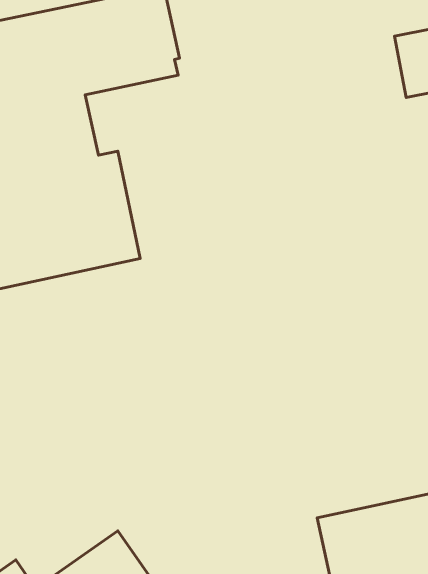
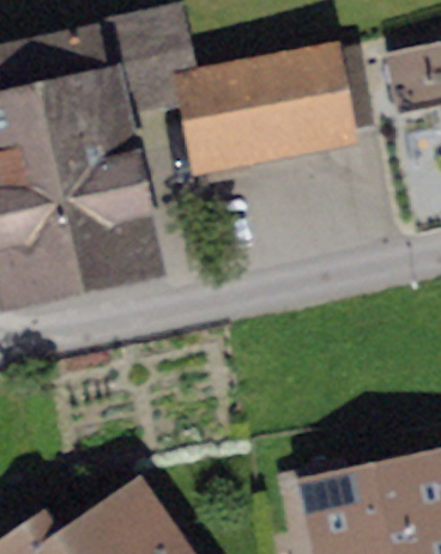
building: none -> [188,53,345,176]

